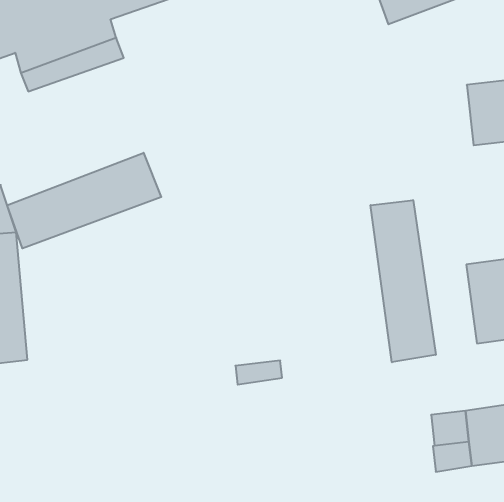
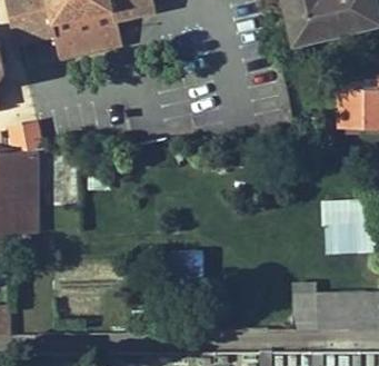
building: [7,153,161,248] -> none
building: [371,200,436,362] -> none

